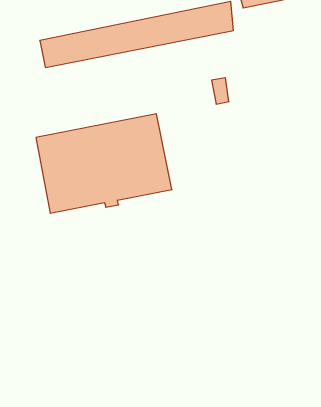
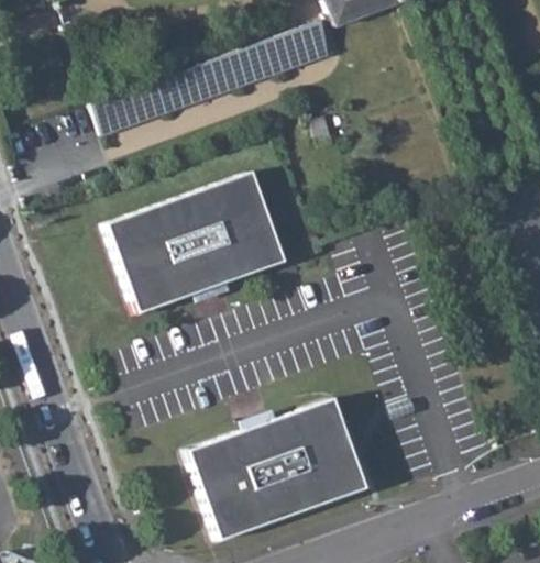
building: none -> [190,397,366,539]

